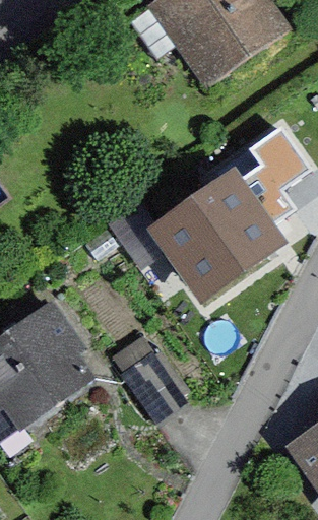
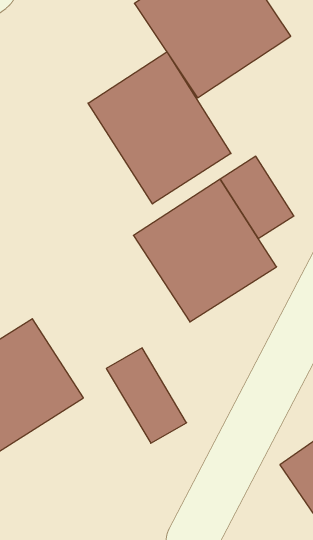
building: none -> [88,52,231,204]

